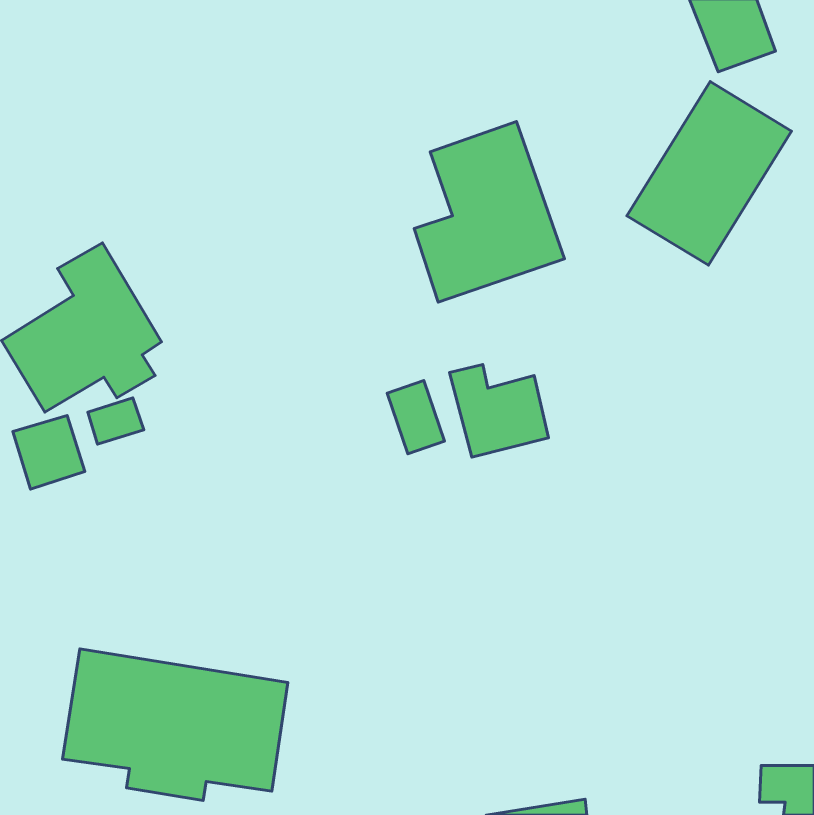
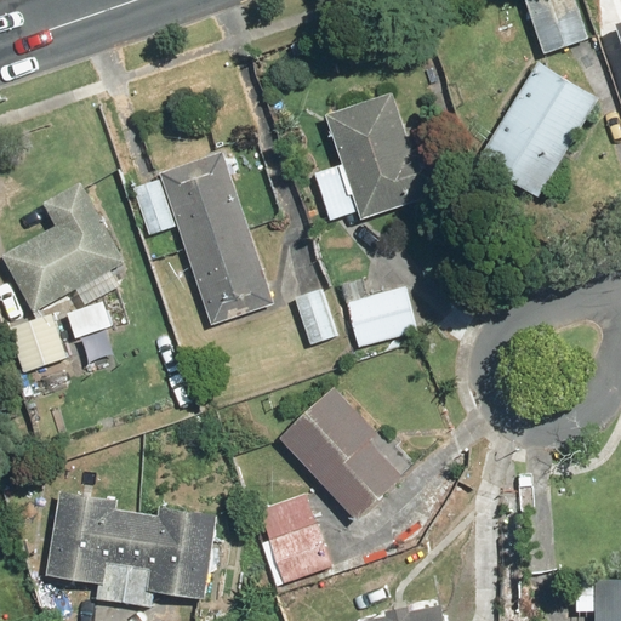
building: none -> [130,153,274,326]
building: none -> [281,388,403,520]
building: none -> [260,494,330,583]

